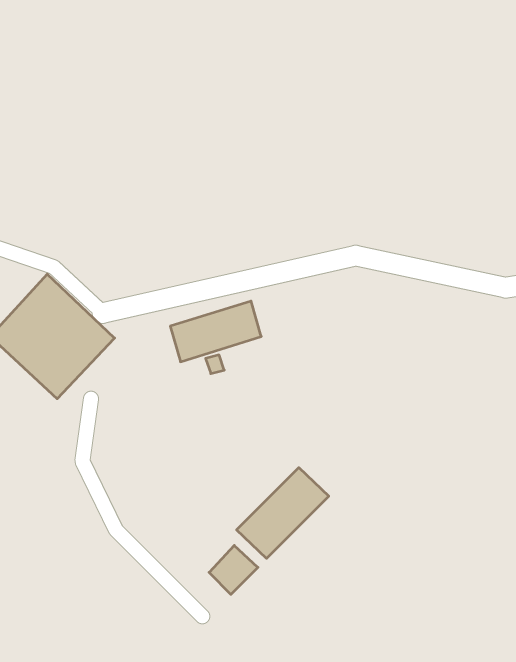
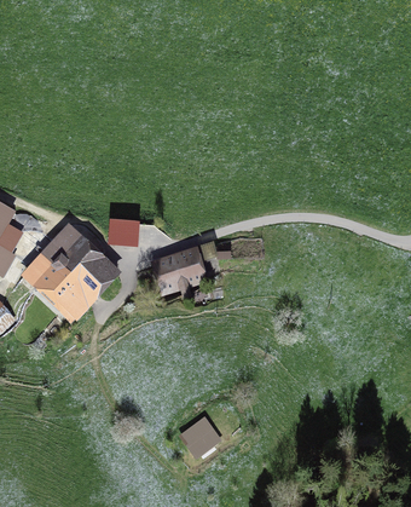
building: none -> [94,220,137,243]
building: [237,468,329,558] -> none

